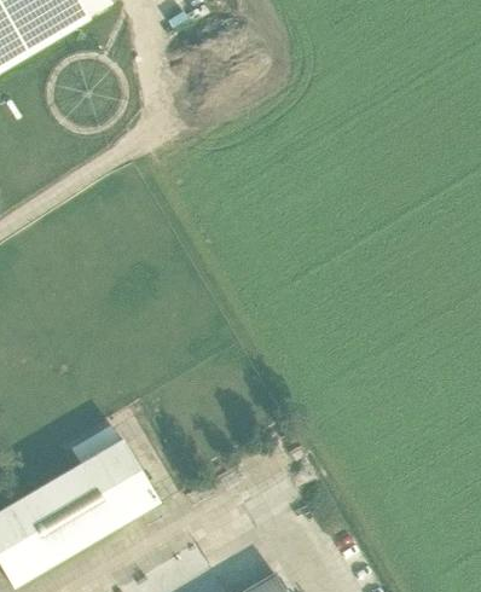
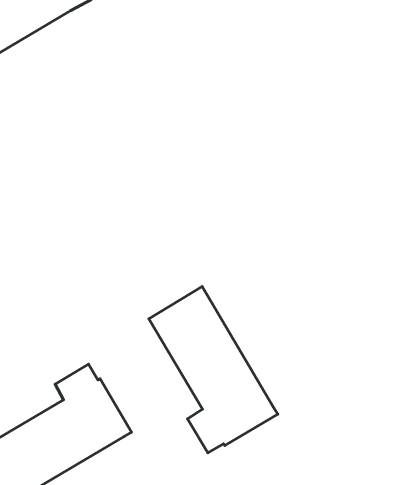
building: none -> [149,286,278,453]

